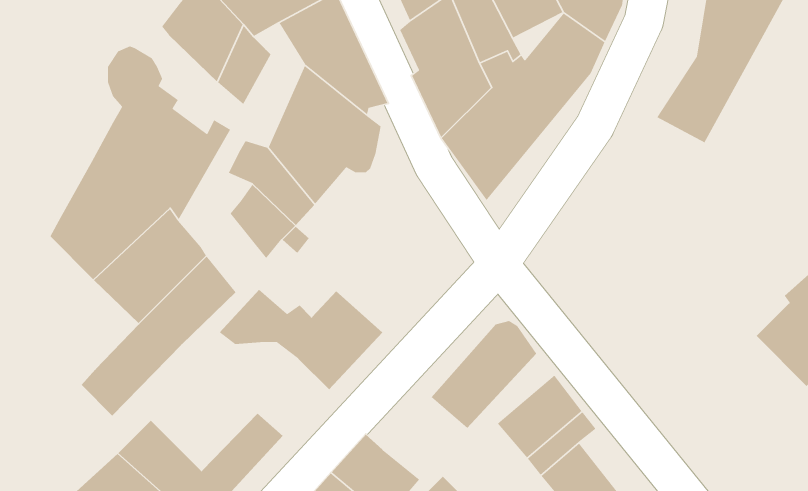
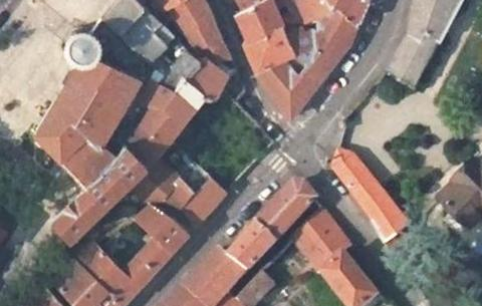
building: none -> [125,123,162,169]
building: none -> [332,146,408,245]
building: none -> [135,206,189,251]
building: none -> [229,229,277,276]

